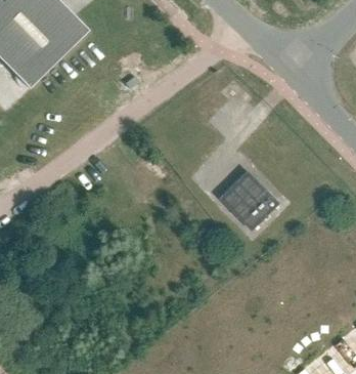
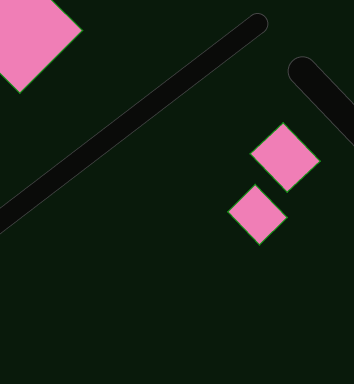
building: none -> [250,123,320,192]

